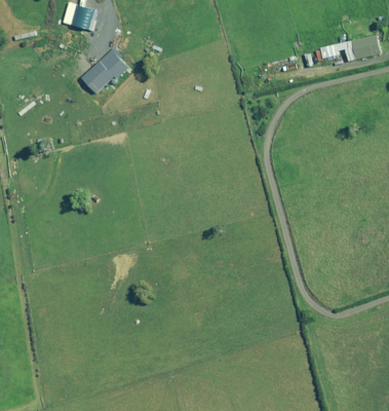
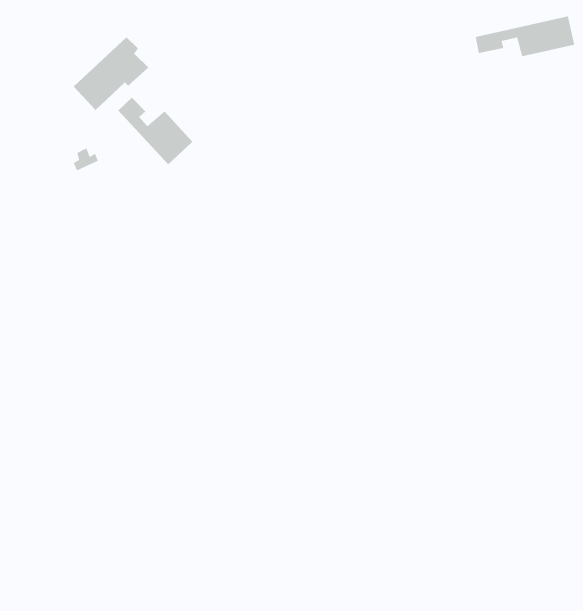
building: none -> [117,97,193,165]

